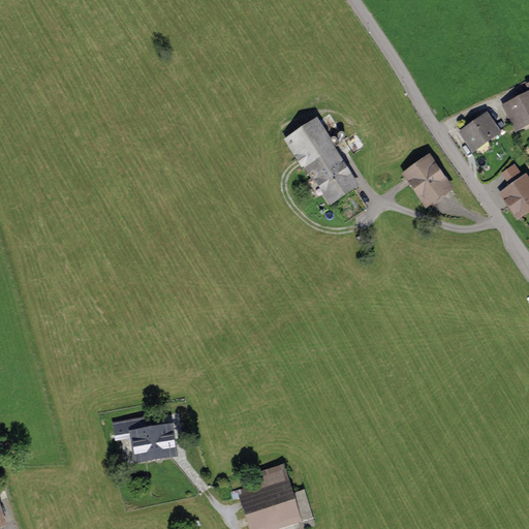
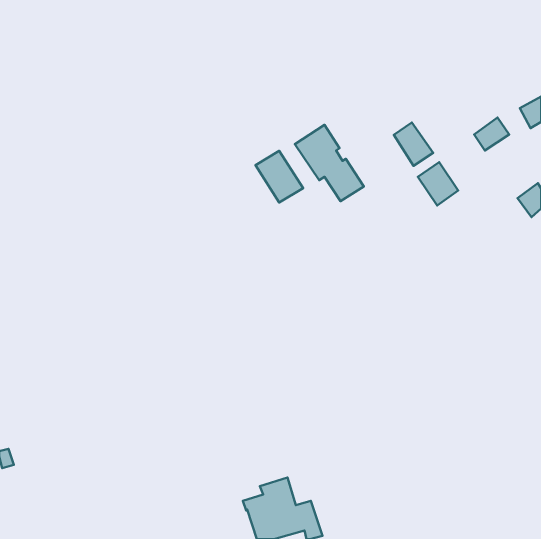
building: none -> [394,123,433,166]
building: none -> [255,151,303,203]
building: [114,417,172,457] -> none

